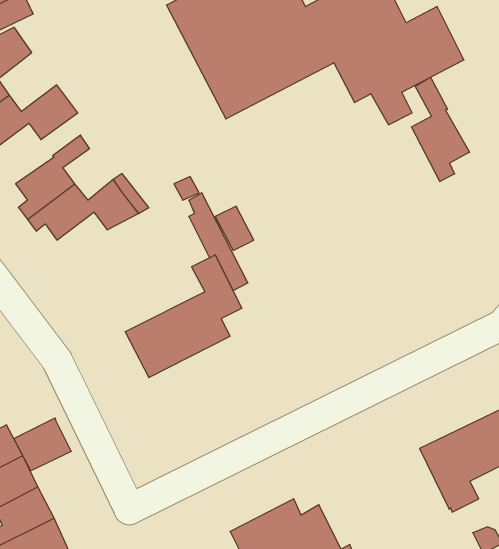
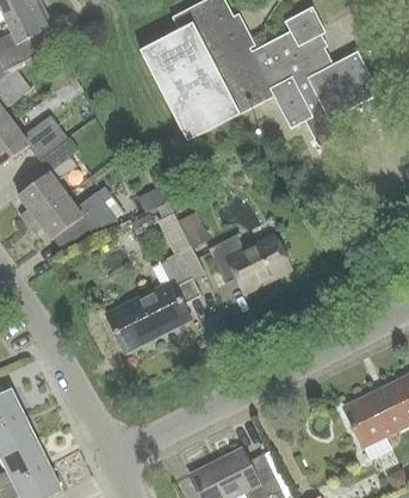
building: [411,77,470,182] -> none
building: none -> [209,234,289,289]
building: [14,418,71,471] -> none

